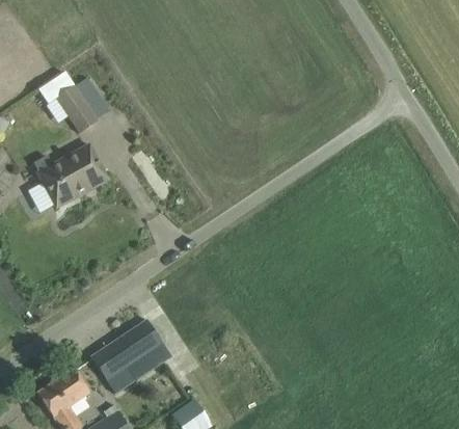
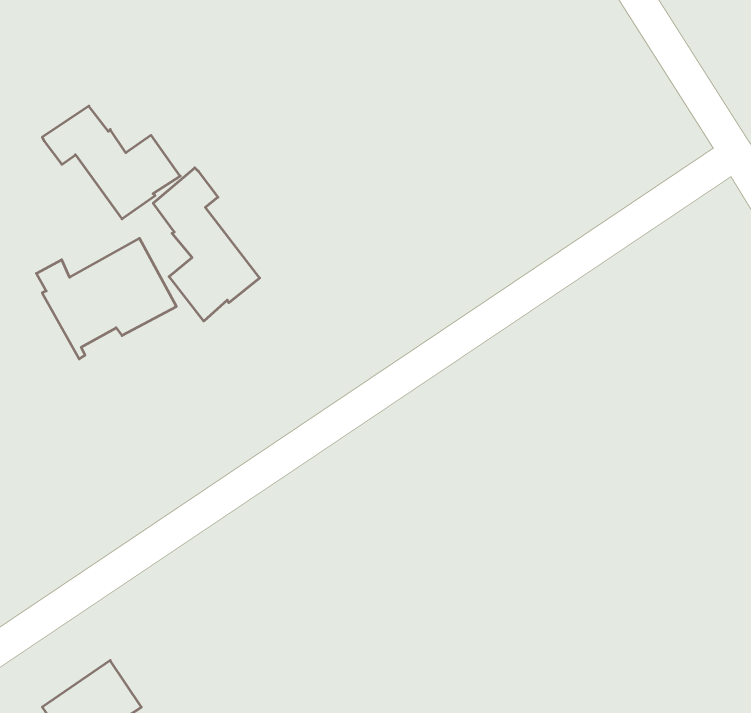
building: none -> [153,168,260,321]
building: [91,320,163,383] -> none

